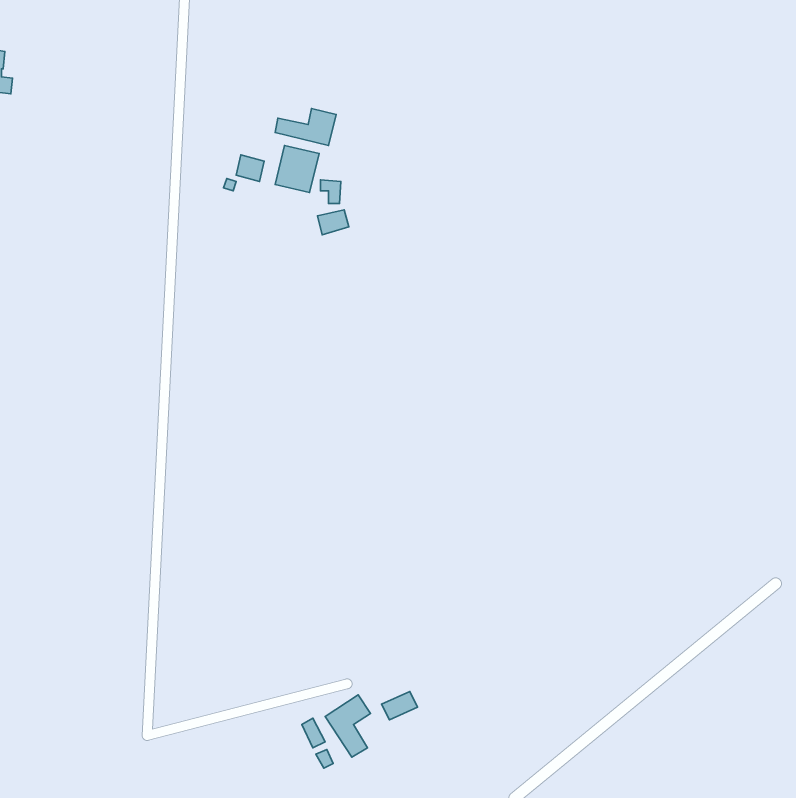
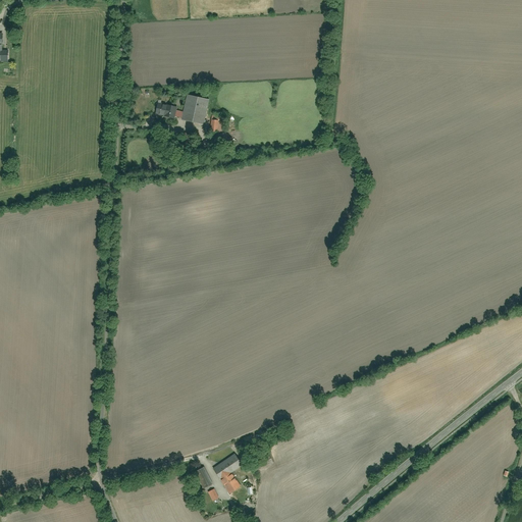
building: [275,108,336,145] -> none

